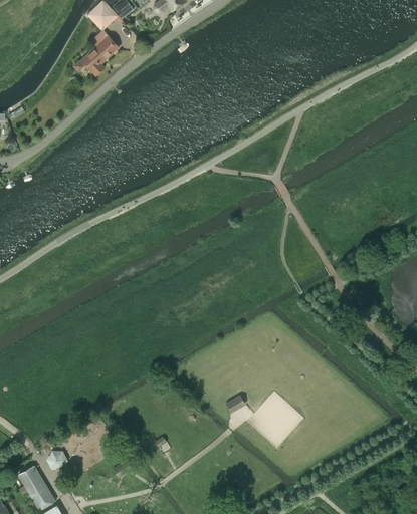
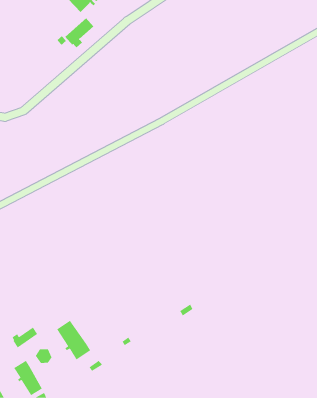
building: none -> [56,320,91,360]
building: none -> [11,326,38,348]

